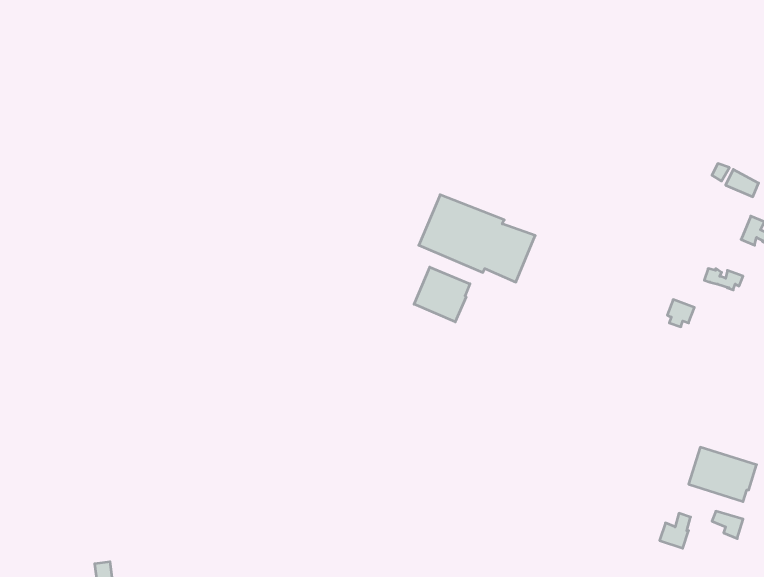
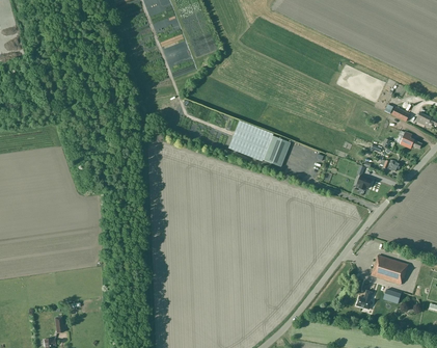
building: [414,267,470,322] -> none

